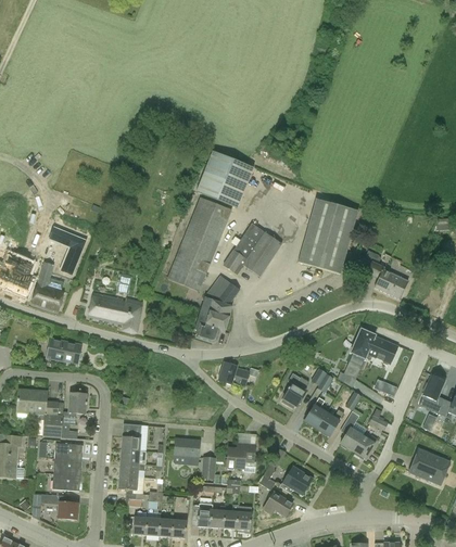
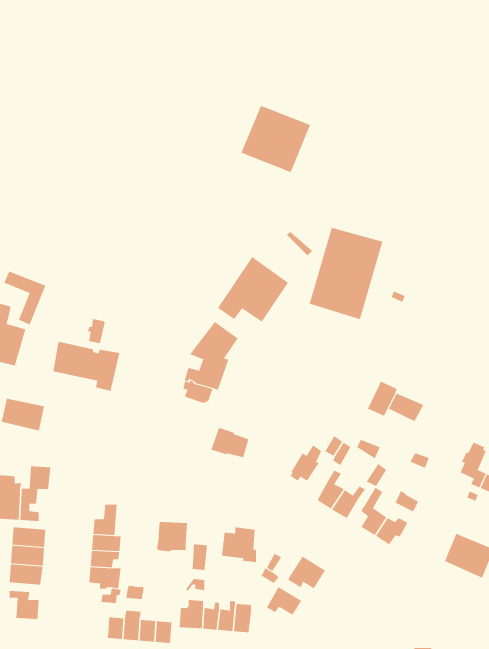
building: [195,151,253,206] -> [241,105,311,173]
building: [167,196,231,291] -> none
building: [366,260,407,298] -> none

